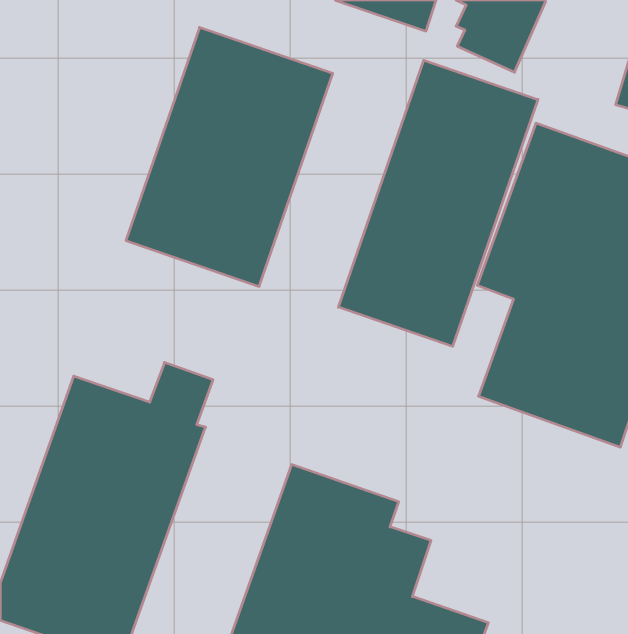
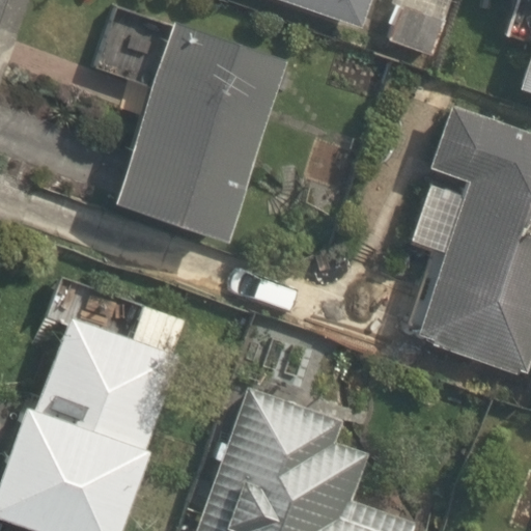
building: [338,60,538,346] -> none

